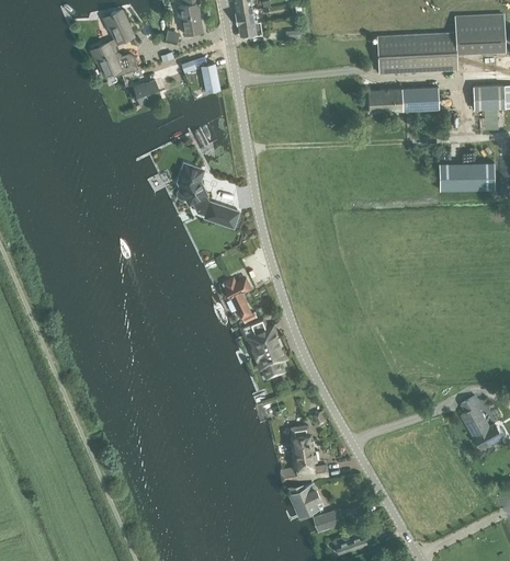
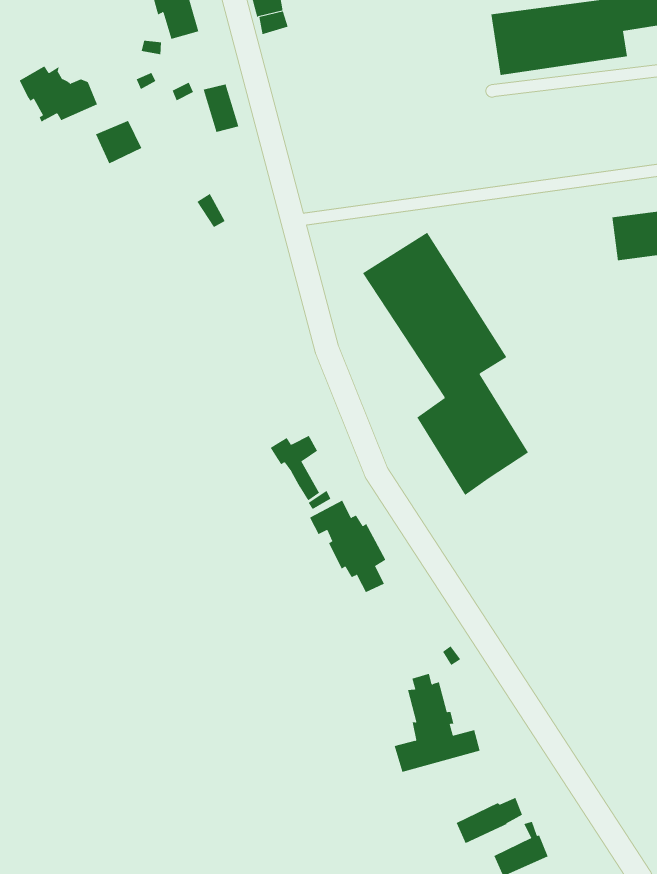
building: [103,10,133,47] -> none
building: [367,87,438,112] -> none
building: none -> [362,232,529,496]
building: [178,163,239,228] -> none
building: [287,482,321,515] -> none

